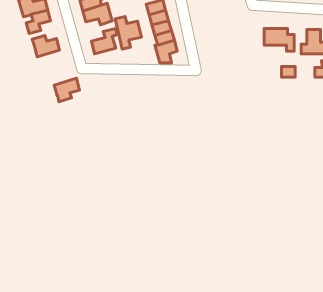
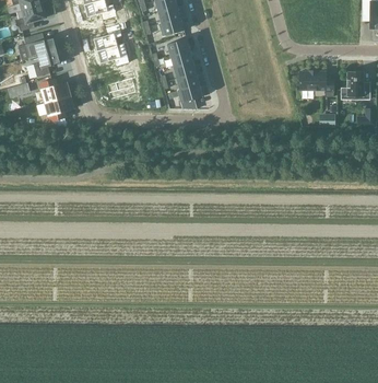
building: [115,17,141,49] -> none
building: [54,78,79,102] -> [45,95,73,121]

